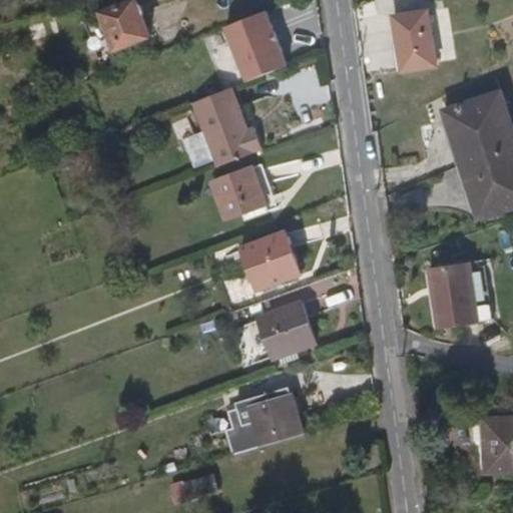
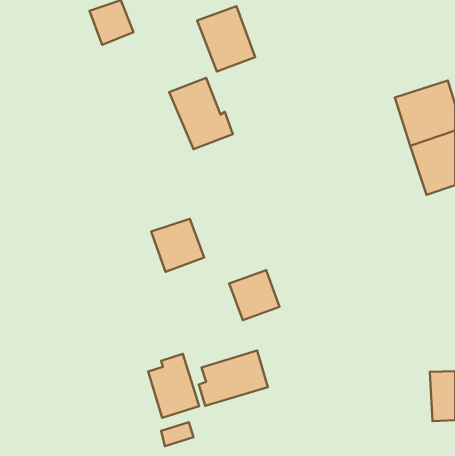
building: [392,10,436,71] -> none
building: [209,168,264,220] -> none
building: [239,231,299,291] -> [151,219,204,272]
building: [428,262,478,329] -> none
building: none -> [148,354,199,418]

